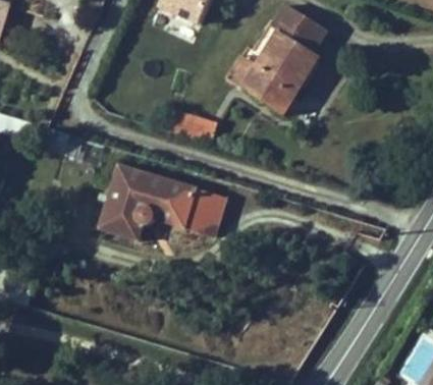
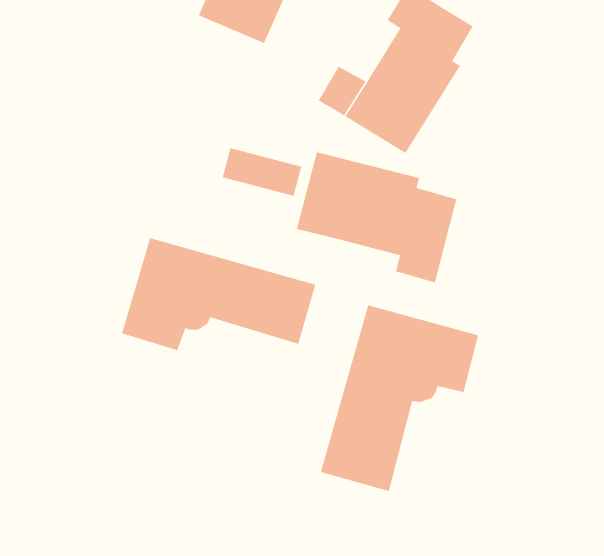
building: none -> [296,151,457,283]
building: none -> [320,305,479,492]

